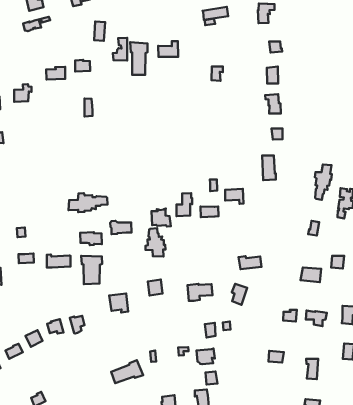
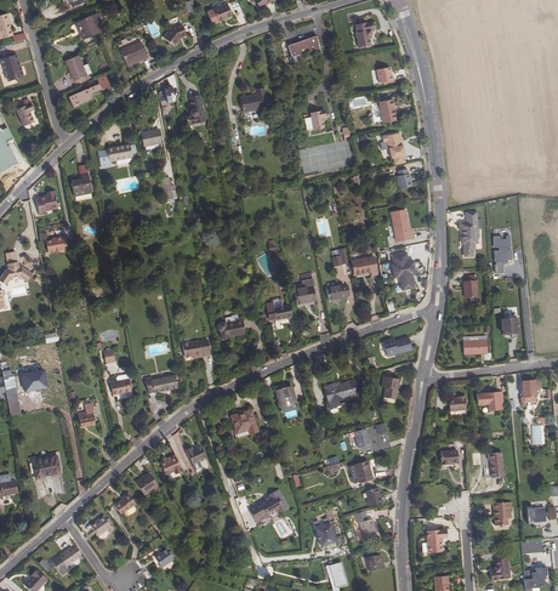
building: [130,42,147,75] -> none
building: none -> [392,251,416,290]
building: [69,193,107,212] -> none
building: [145,228,165,257] -> none
building: [81,256,102,284] -> none

